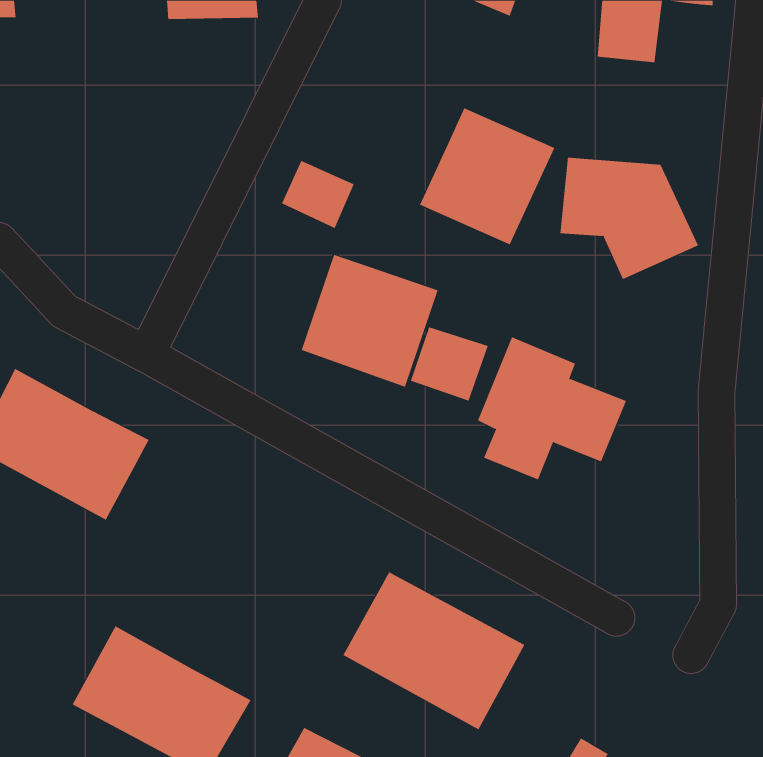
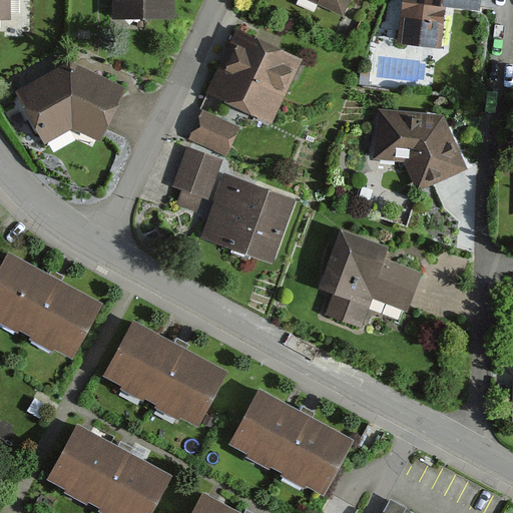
building: none -> [18,61,123,141]
building: [419,108,555,245] -> [207,31,299,123]
building: none -> [172,148,223,215]
building: [410,327,489,401] -> none
building: none -> [104,321,224,424]

